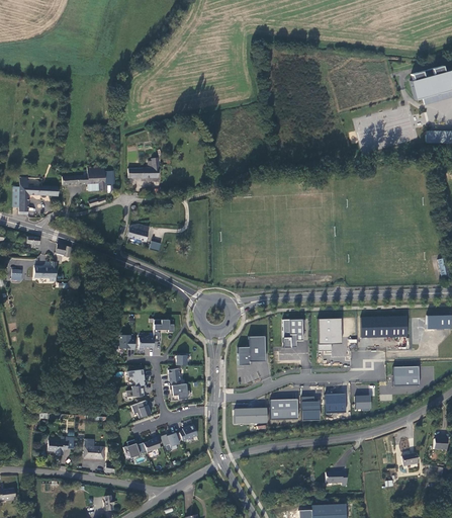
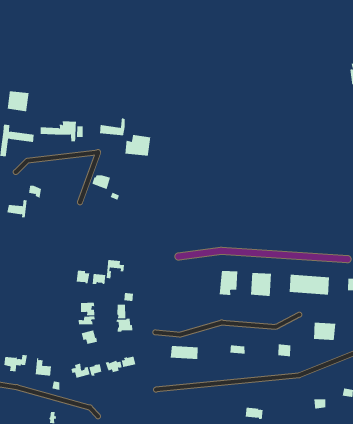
building: none -> [7,90,29,112]
building: none -> [125,134,151,156]
building: [238,336,265,365] -> none
building: [325,394,346,415] -> none
building: [270,400,298,420] -> none

